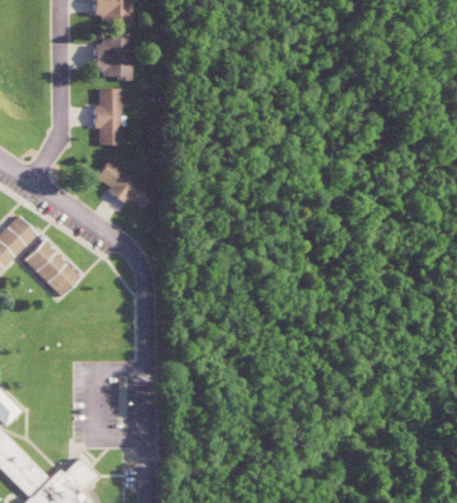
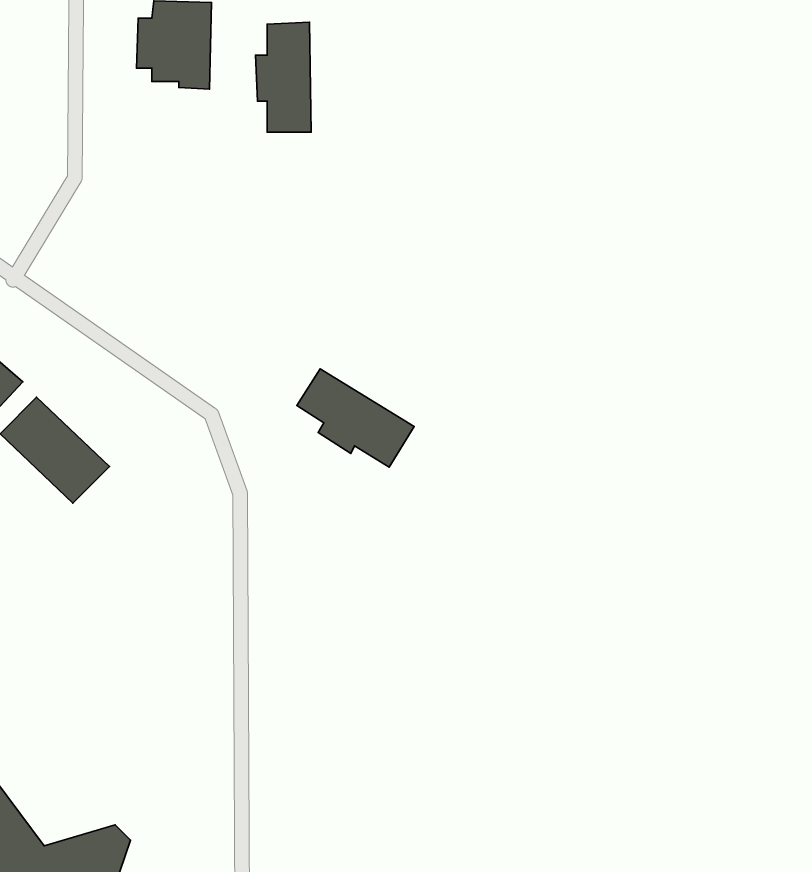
building: [92,88,121,145] -> [255,22,311,132]
building: [94,159,155,210] -> [297,369,414,467]

